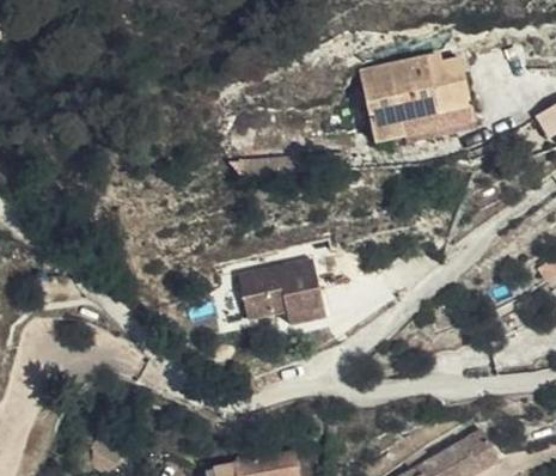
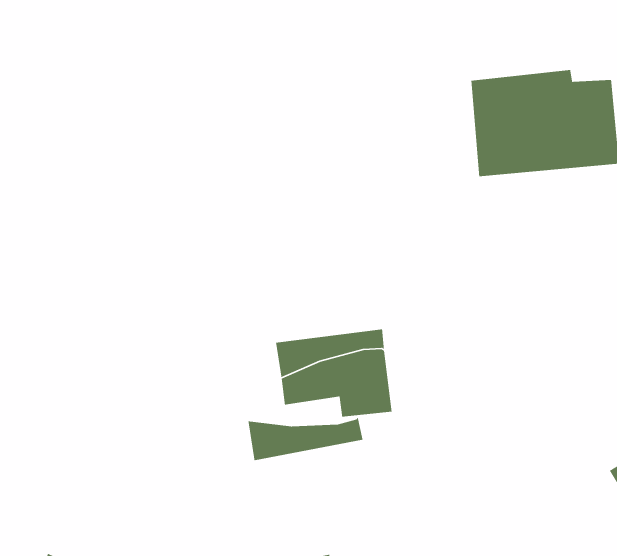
building: none -> [248,416,363,461]

